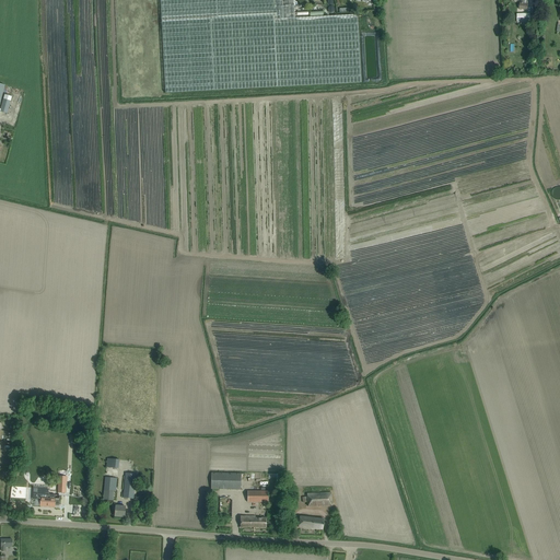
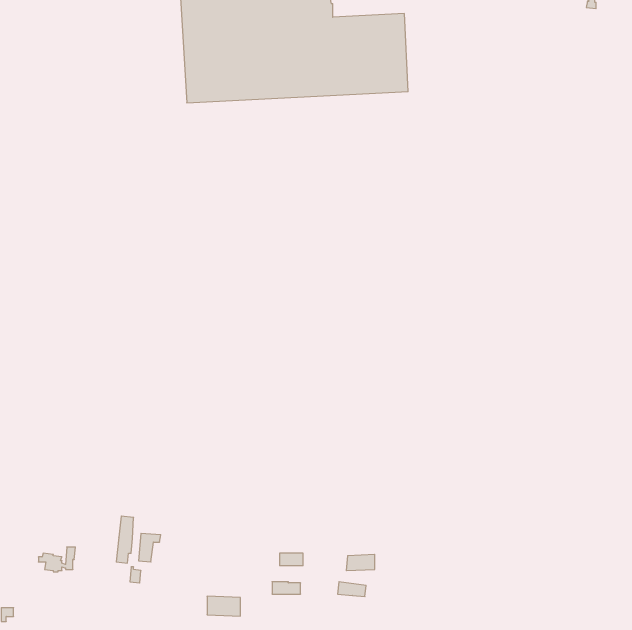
building: [211,470,241,488] -> [207,596,240,616]

